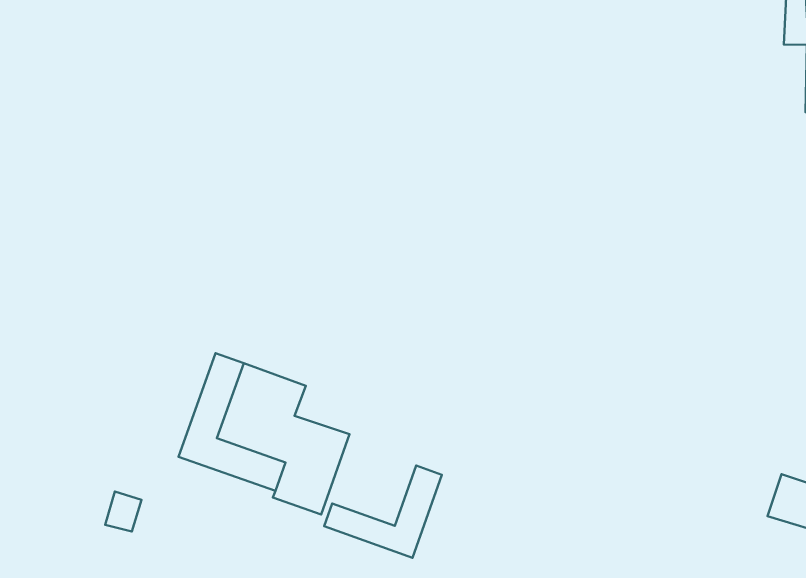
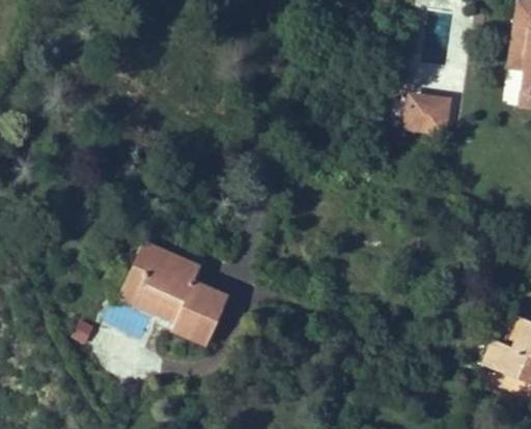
building: none -> [402,92,451,132]
building: [324,465,442,558] -> none

